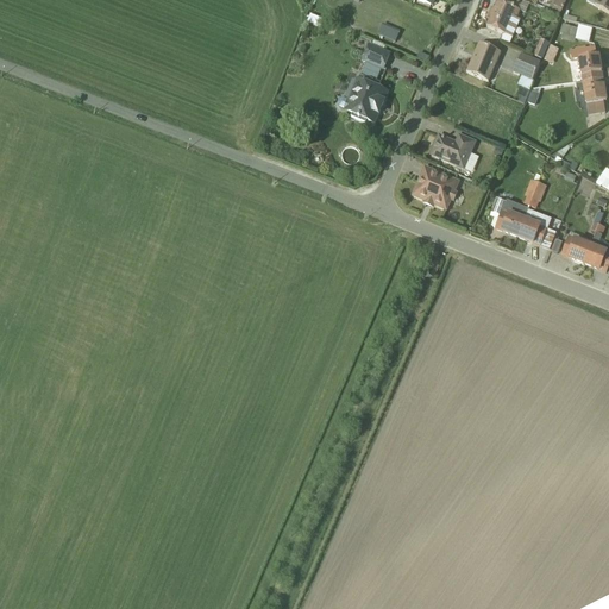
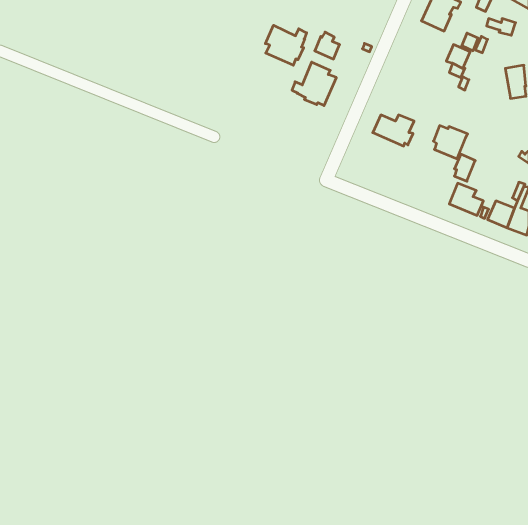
building: none -> [265,25,307,65]
building: [466,40,501,79] -> none
building: [571,44,603,79] -> none
building: [413,165,460,208] -> none
building: [490,196,529,234] -> [433,126,468,159]

